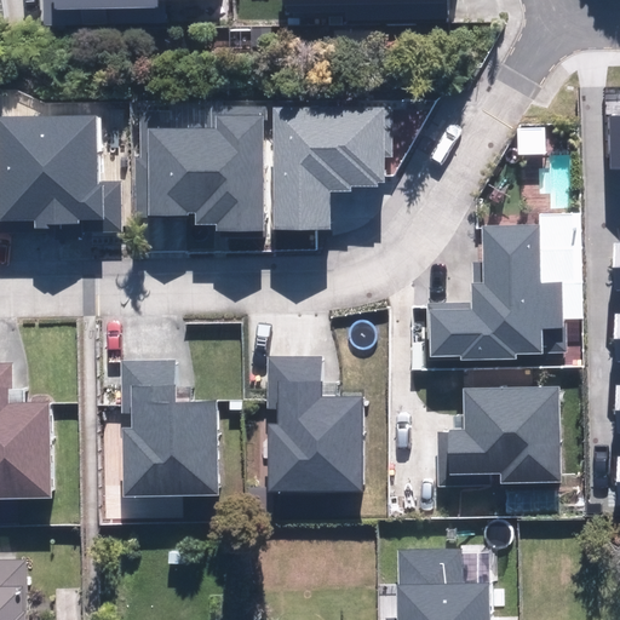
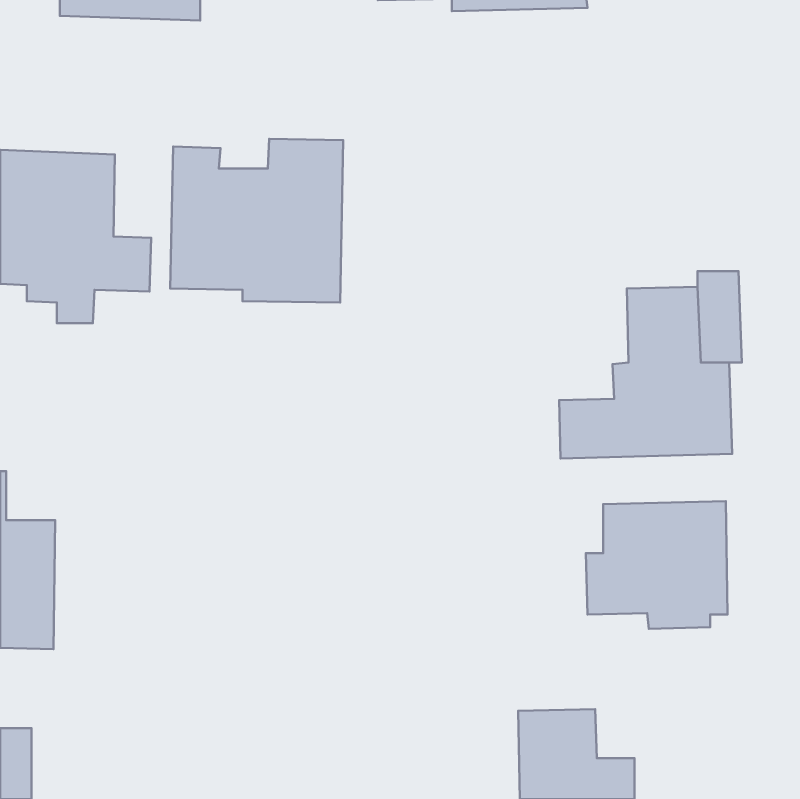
building: [271,107,394,232] -> none
building: [262,356,361,490] -> none
building: [114,361,213,499] -> none

